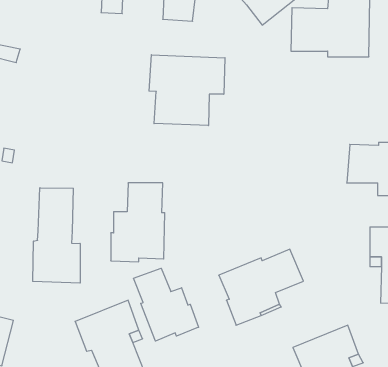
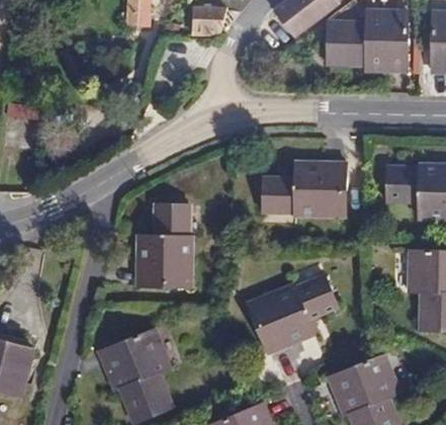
building: [149,55,225,126] -> none
building: none -> [263,162,347,218]
building: [33,188,80,283] -> none
building: [133,268,199,341] -> none

